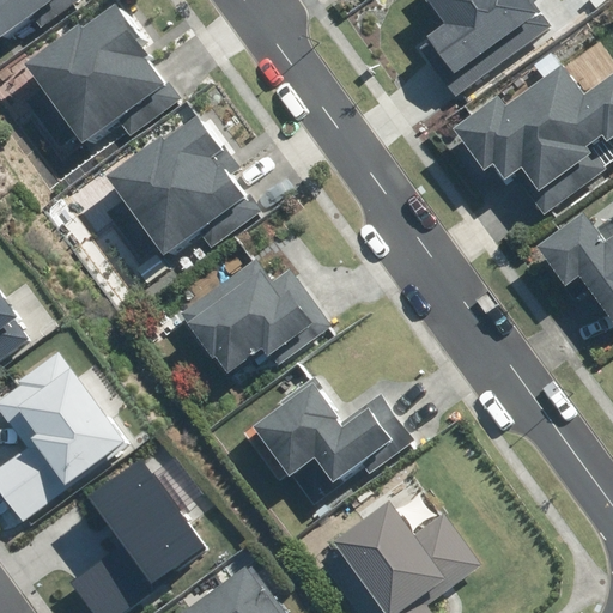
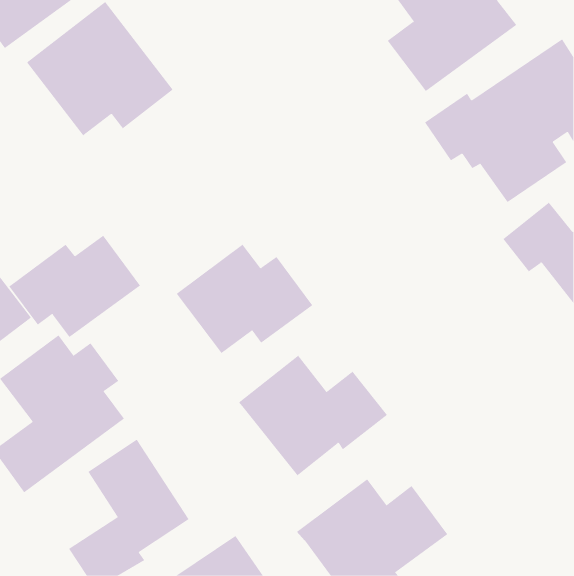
building: [111,114,257,257] -> none
building: none -> [8,235,141,338]

